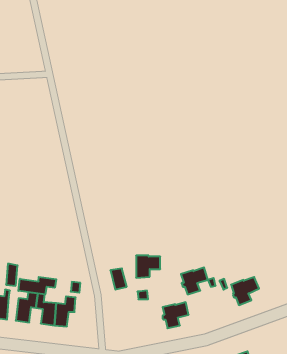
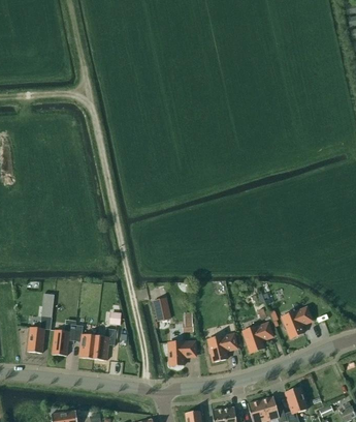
building: [136,256,160,278] -> [169,341,195,365]
building: [181,267,208,294] -> [244,325,272,354]
building: [18,277,56,294] -> none

